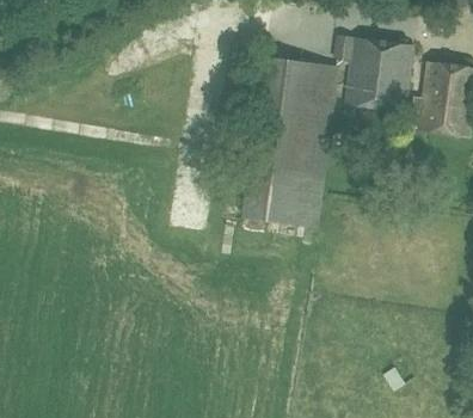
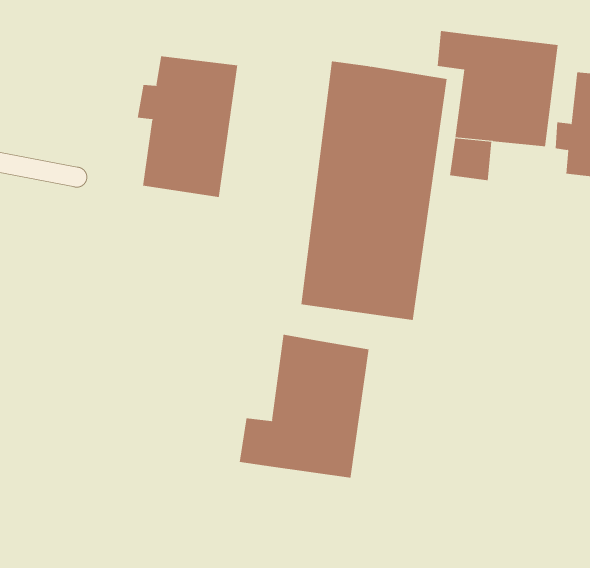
building: none -> [137,56,238,198]
building: none -> [239,334,369,478]

